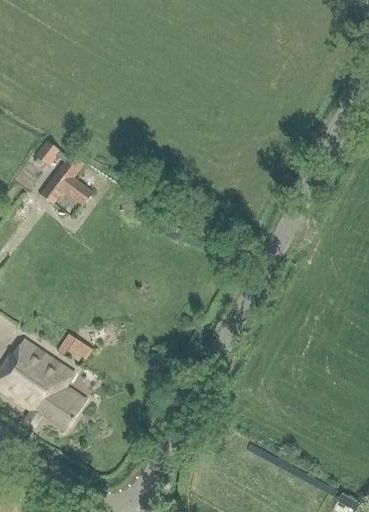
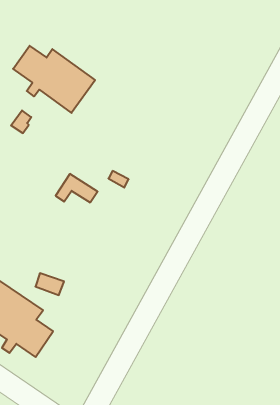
building: none -> [13,46,95,113]
building: [41,168,91,202] -> [56,174,98,202]

